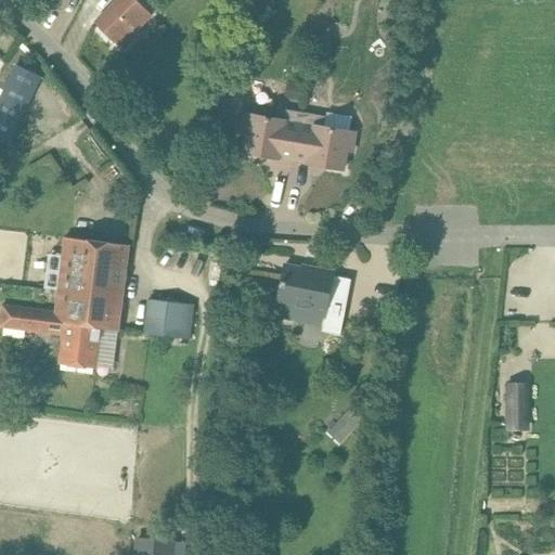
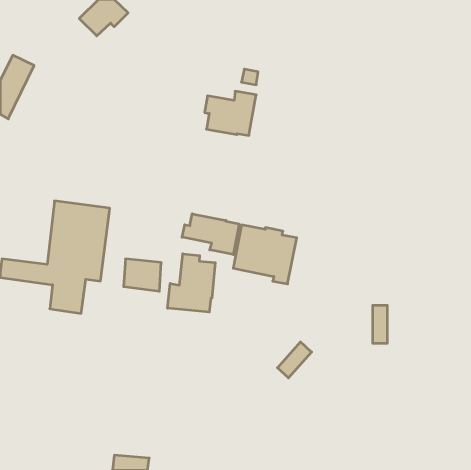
building: [293,112,354,169] -> none
building: none -> [182,214,239,255]
building: none -> [168,254,215,312]
building: [508,384,526,428] -> [373,305,387,343]

